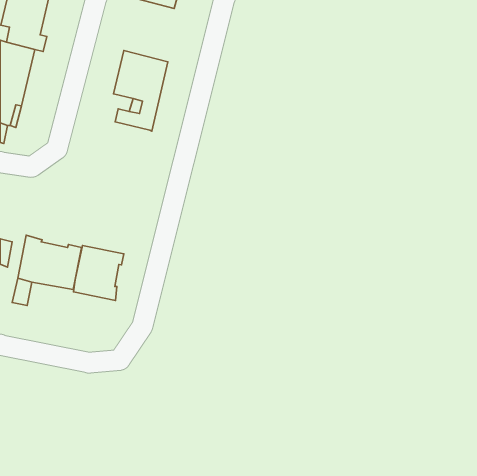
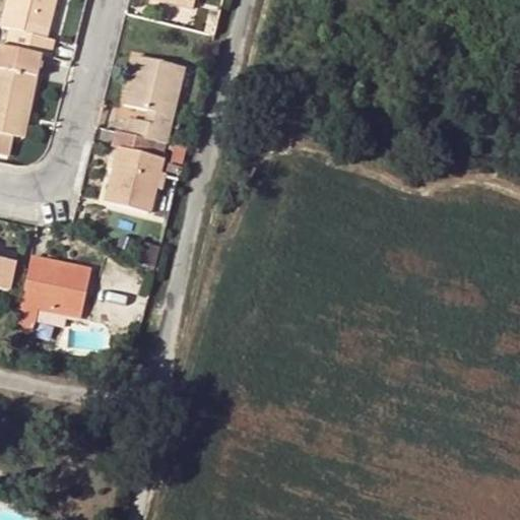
building: none -> [107,130,165,210]
building: [74,245,124,300] -> none

